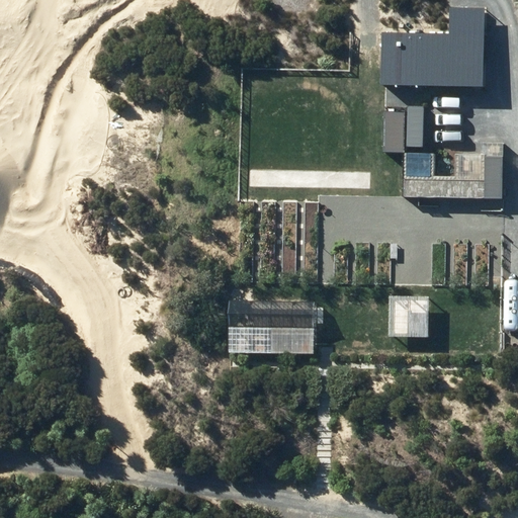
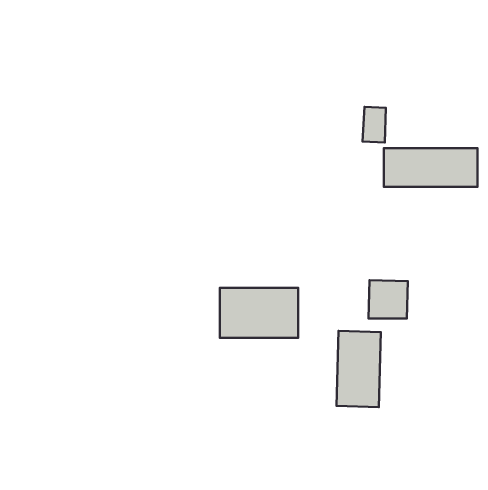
building: [380,6,486,88] -> none
building: none -> [336,331,381,407]

